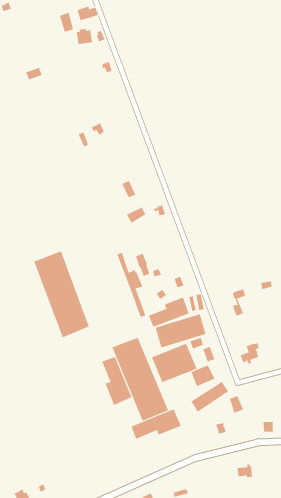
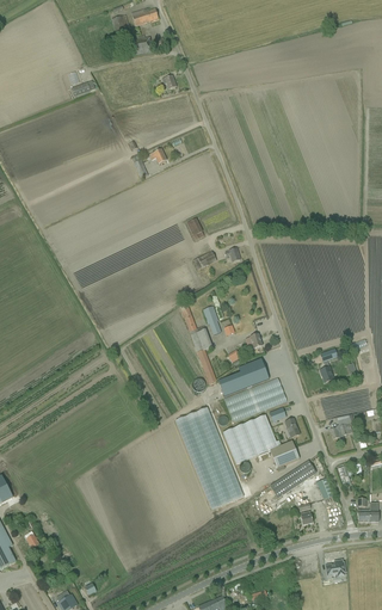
building: [34,251,89,338] -> none
building: [102,356,132,406] -> none
building: [131,408,182,439] -> none

